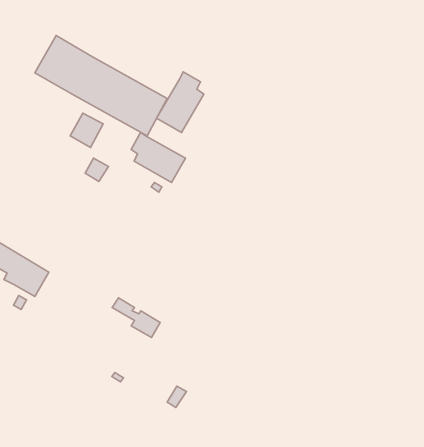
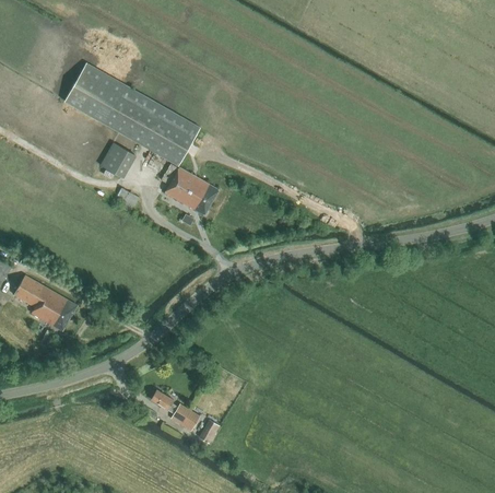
building: [157,72,204,133] -> none
building: [112,298,160,337] -> [150,390,199,431]

